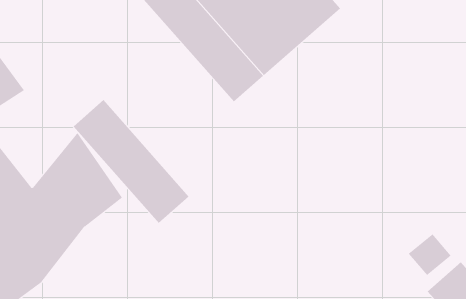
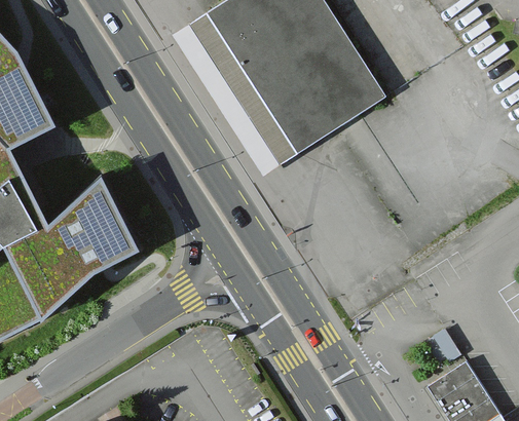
building: [73,99,189,224] -> none

